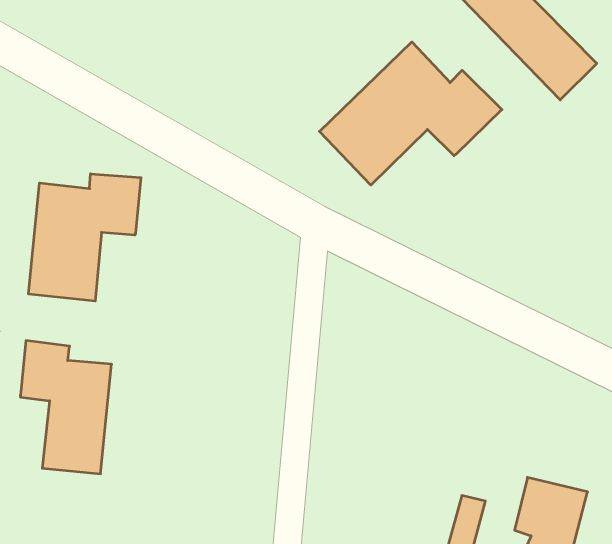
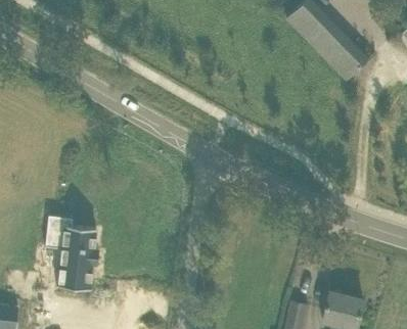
building: [319,42,502,185] -> none
building: [29,174,141,301] -> none

